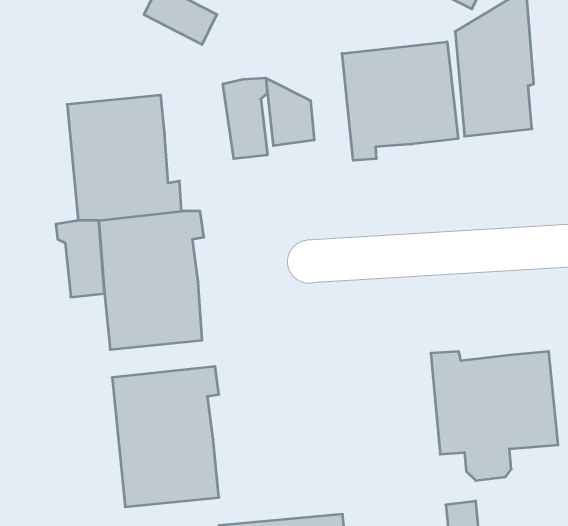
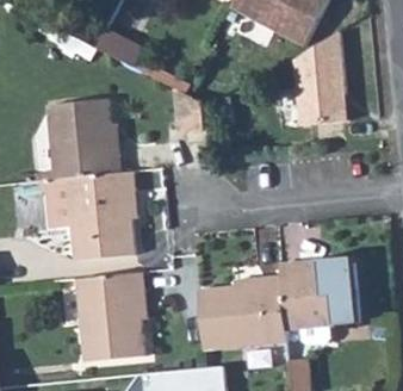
building: [342,42,458,160] -> none
building: [223,78,267,159] -> none
building: none -> [198,275,287,349]

